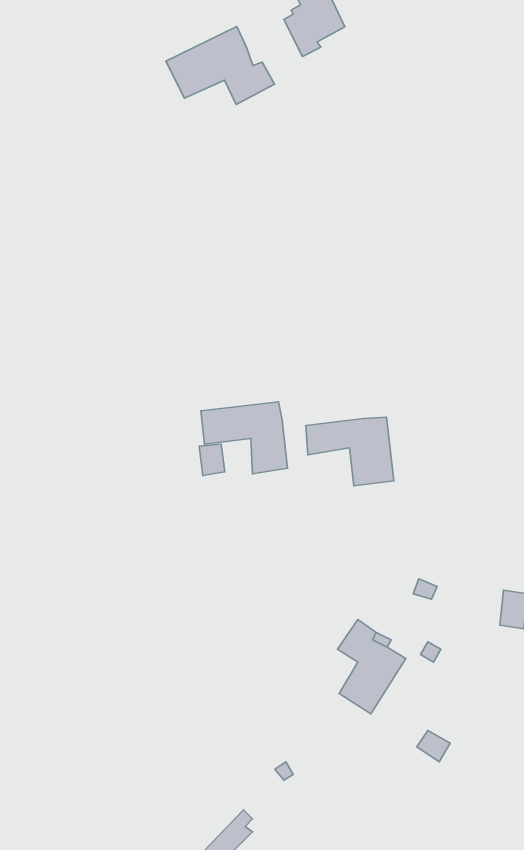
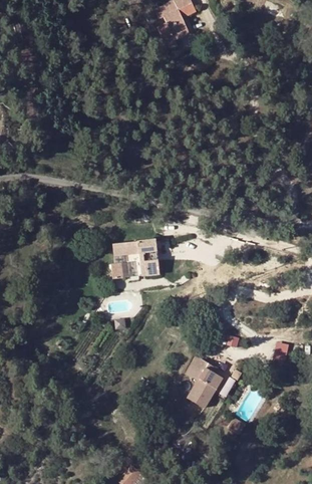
building: [166,26,274,104] -> none
building: [306,417,394,486] -> none

